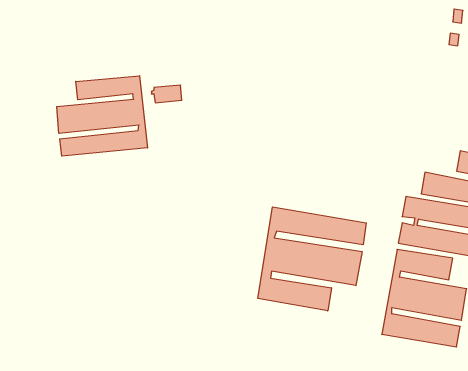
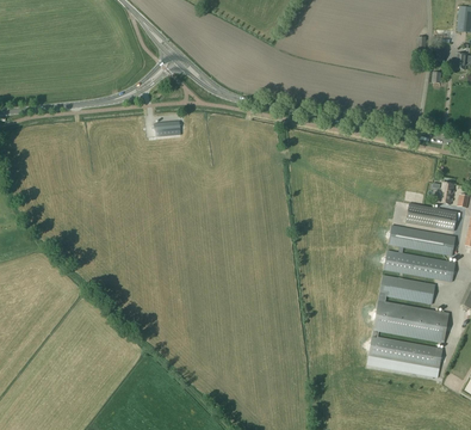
building: [57,76,147,156] -> none
building: [258,207,366,311] -> none

